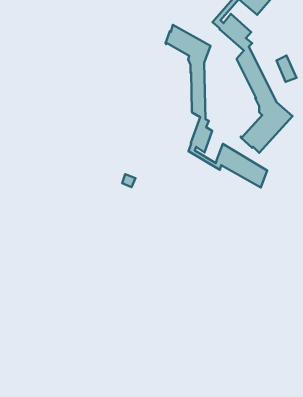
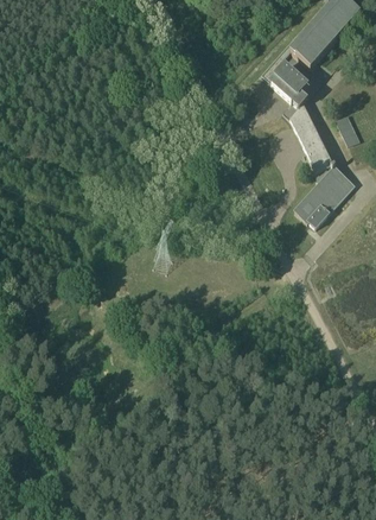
building: [166,25,267,187] -> none

